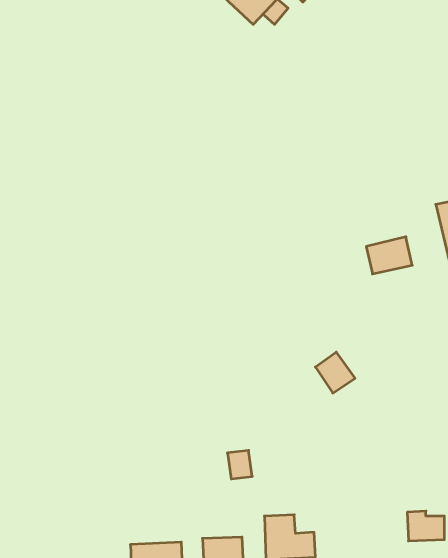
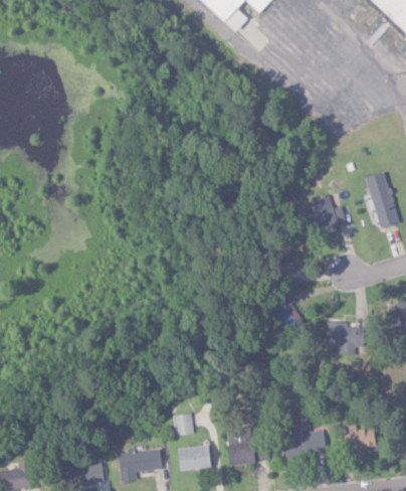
building: none -> [325,320,361,355]
building: [227,450,252,479] -> [175,413,195,436]
building: none -> [283,423,328,458]

